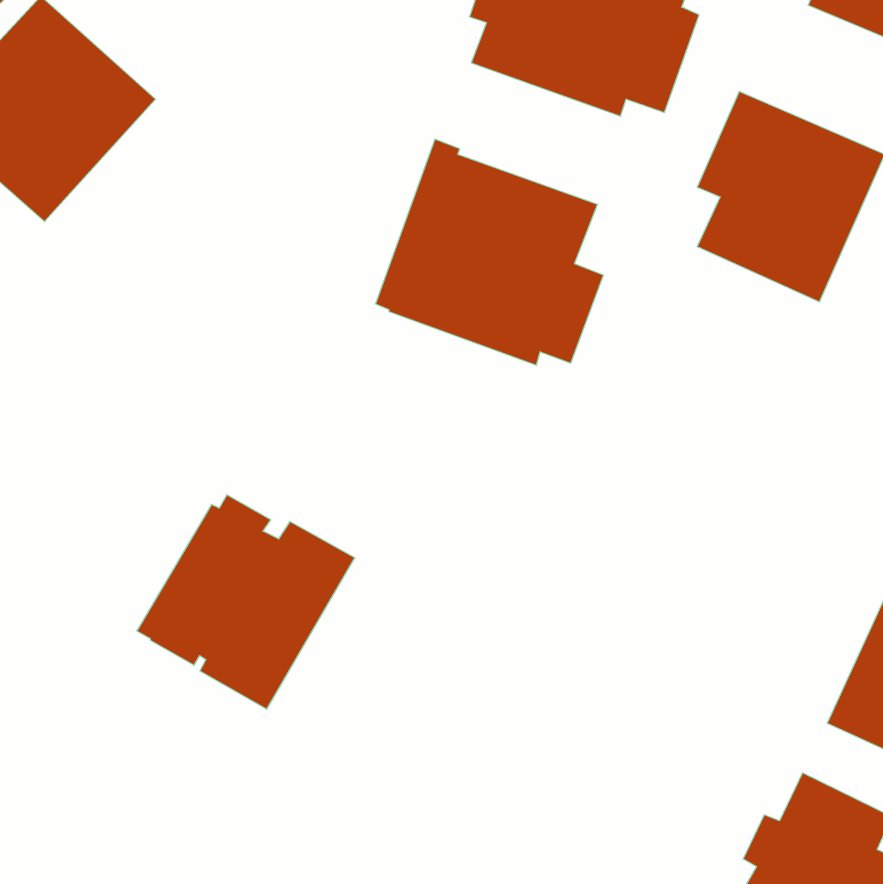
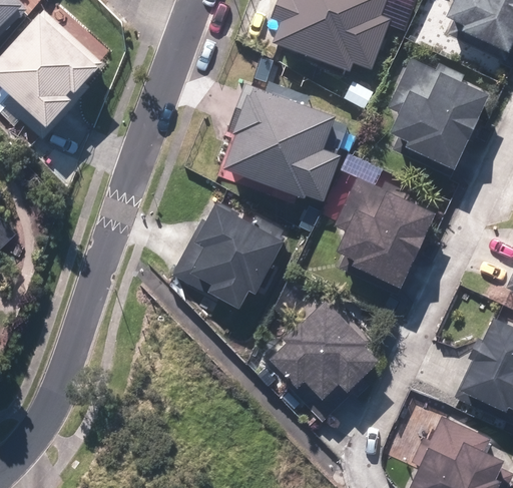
building: none -> [335,177,435,291]
building: [137,495,355,709] -> [174,201,289,314]
building: none -> [267,297,379,401]

